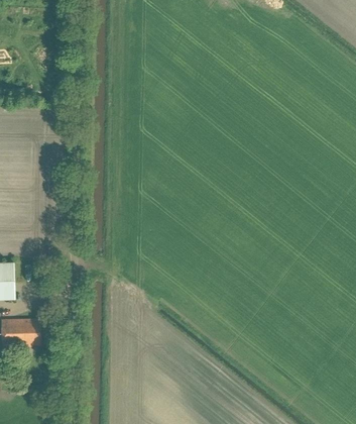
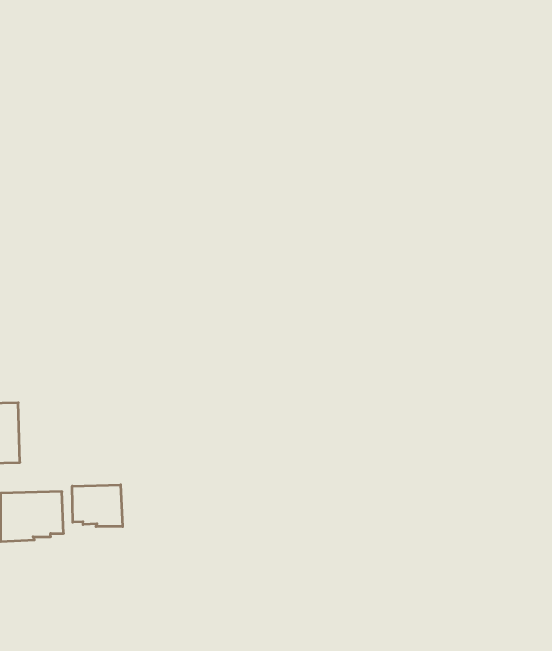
building: none -> [72,485,123,527]

